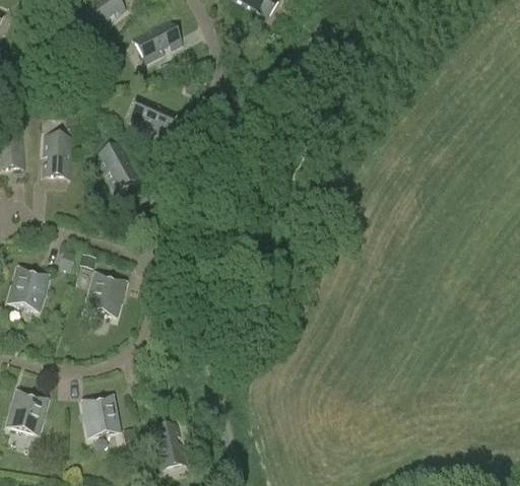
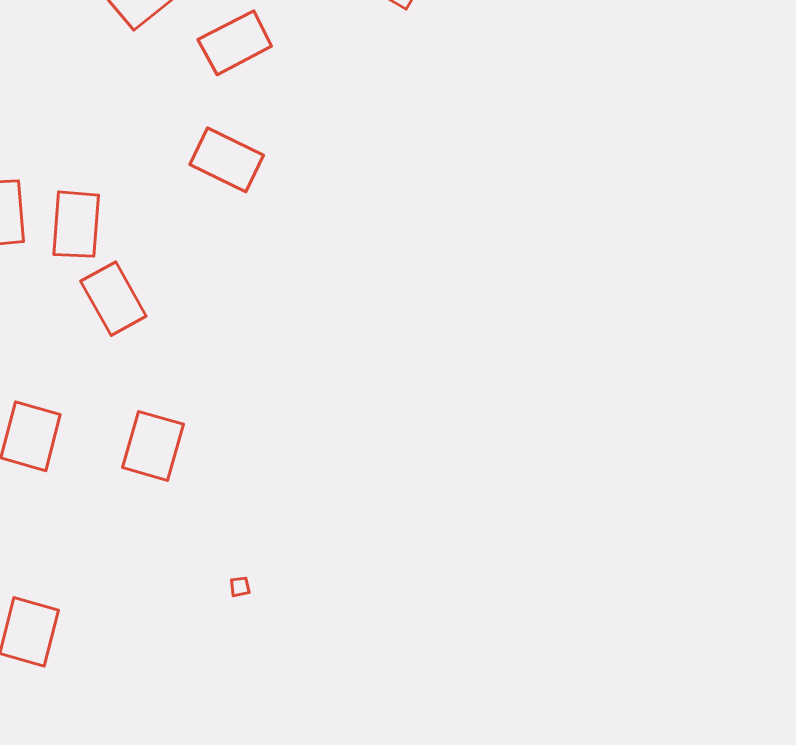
building: [98,140,139,187] -> [81,262,146,336]
building: [84,395,120,435] -> none
building: [152,422,187,466] -> none

